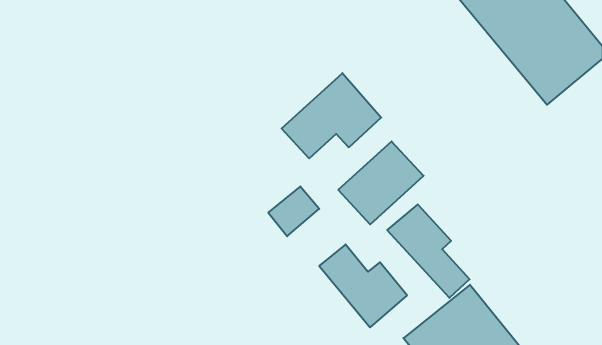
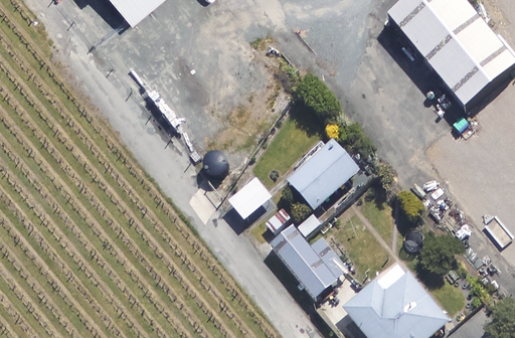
building: [282,73,381,158] -> none
building: [387,204,470,298] -> none

